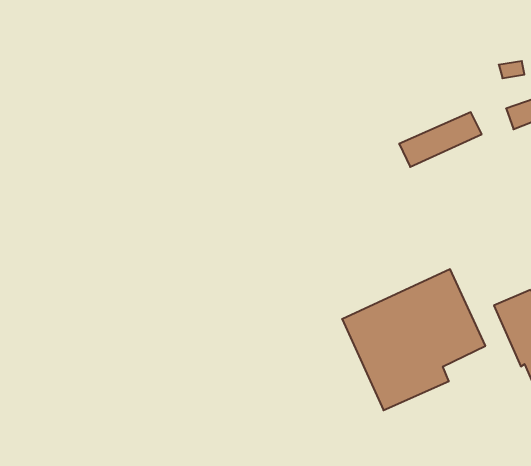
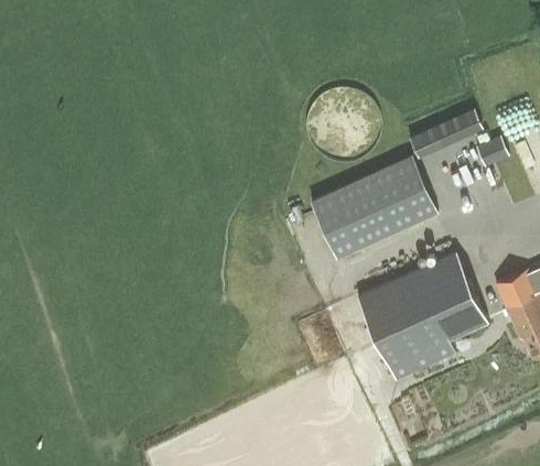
building: none -> [475,138,509,169]
building: none -> [311,155,438,259]

